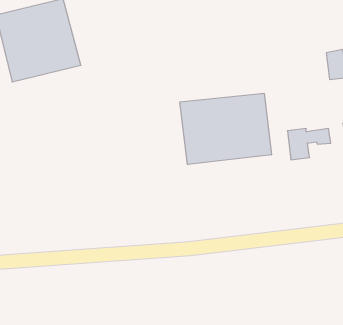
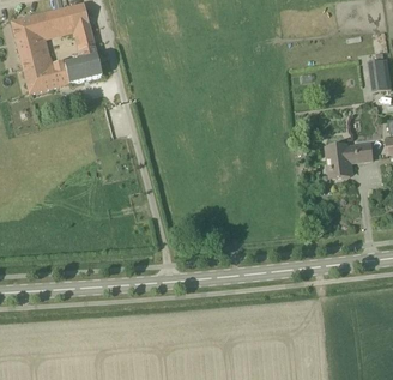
building: [180,93,271,165] -> none

